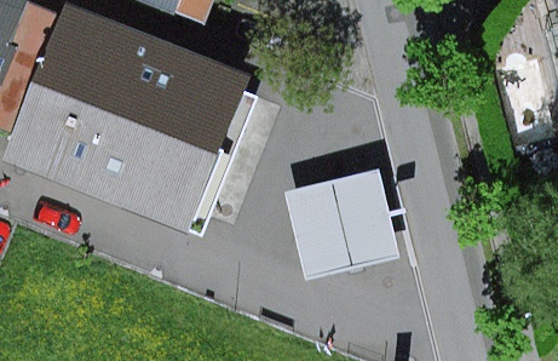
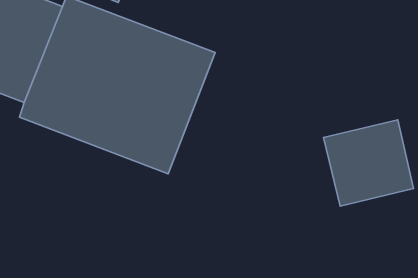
building: [298,170,409,276] -> [323,120,414,206]

